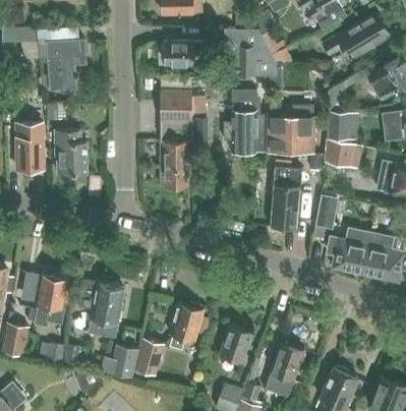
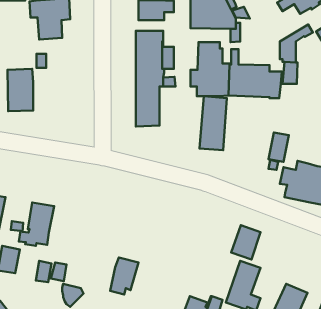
building: [57,130,86,174] -> none
building: [325,138,352,169] -> none
building: [270,167,301,229] -> [199,96,227,150]
building: [78,282,123,337] -> none
building: [169,301,210,350] -> none
building: [219,325,252,364] -> [231,225,260,260]
building: [110,345,137,377] -> none

